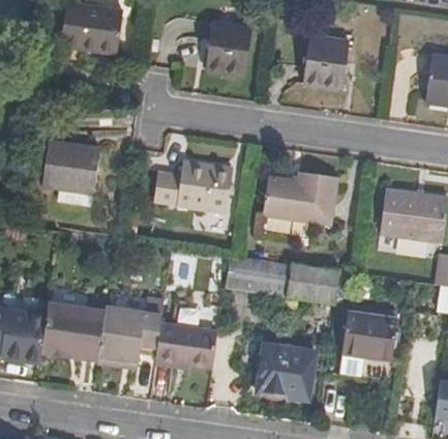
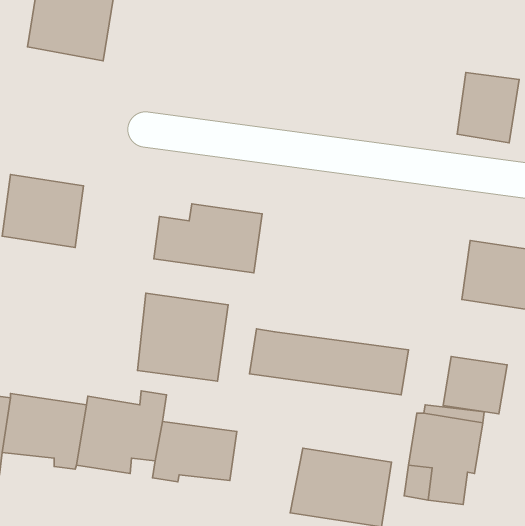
building: [206,25,252,79] -> none
building: [305,39,351,91] -> [457,72,519,143]
building: [262,171,336,226] -> none
building: none -> [137,293,228,381]
building: none -> [443,357,507,414]

